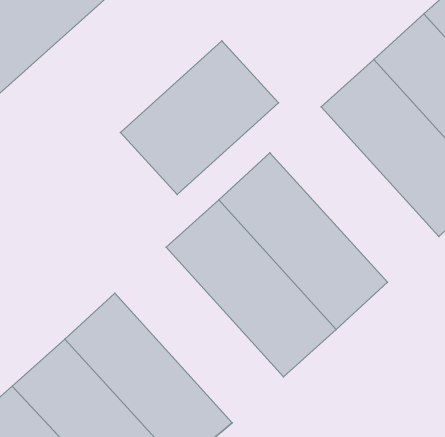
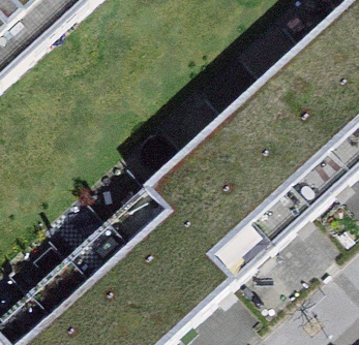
building: [120,41,278,195] -> none
building: none -> [212,85,341,219]
building: none -> [93,192,222,326]

